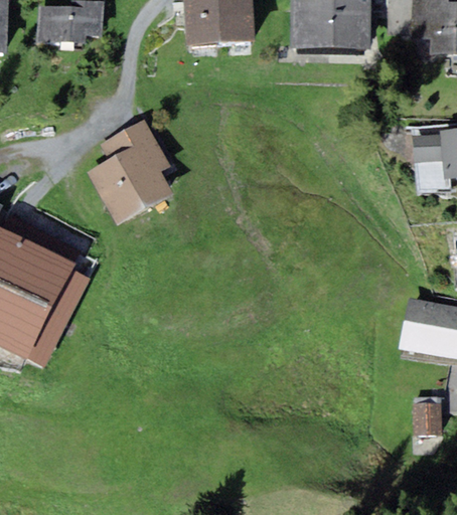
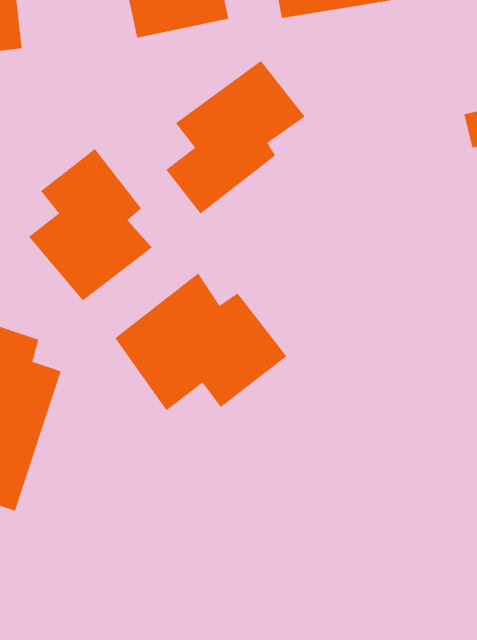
building: none -> [166,60,305,215]
building: none -> [115,272,287,411]

